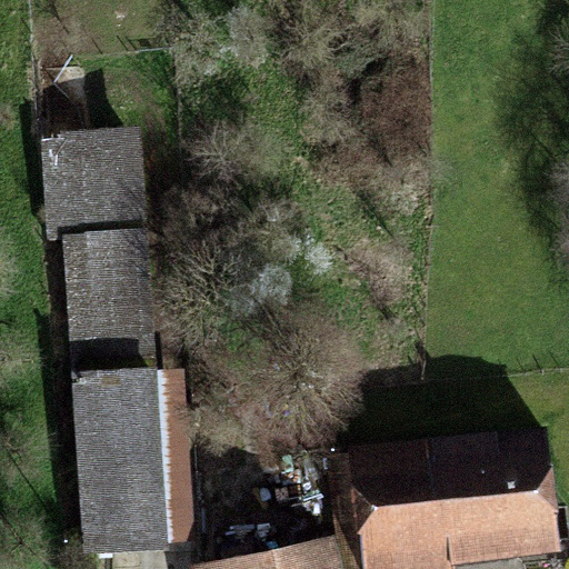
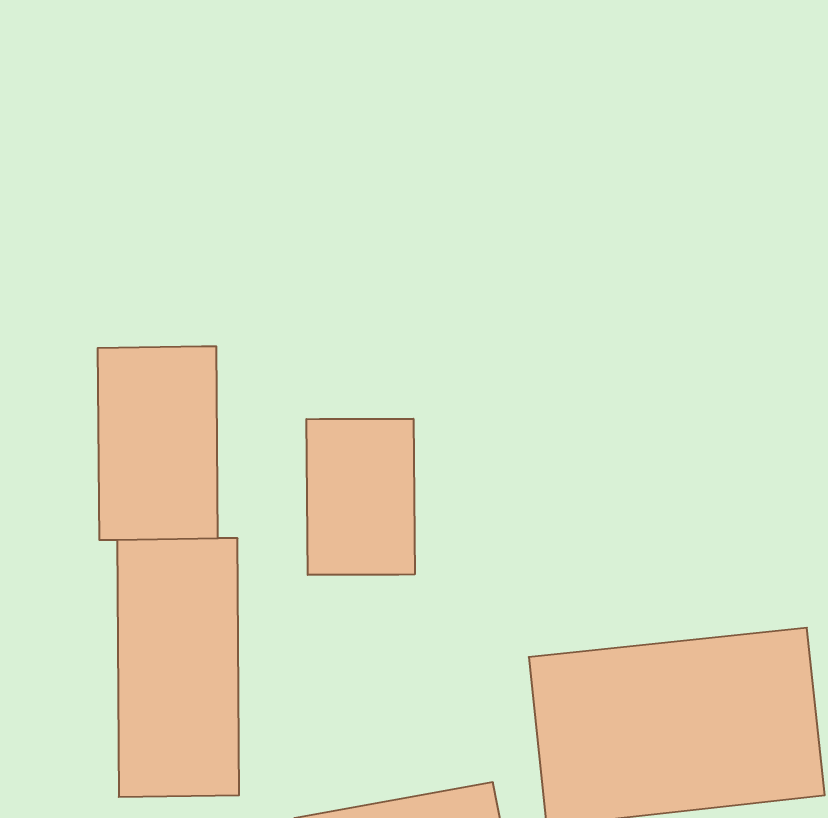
building: [51,141,138,247] -> none
building: none -> [306,419,415,575]

